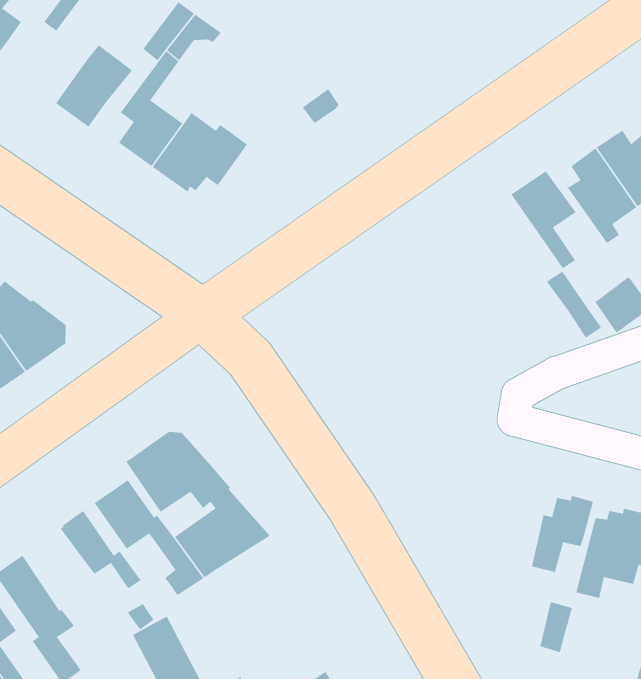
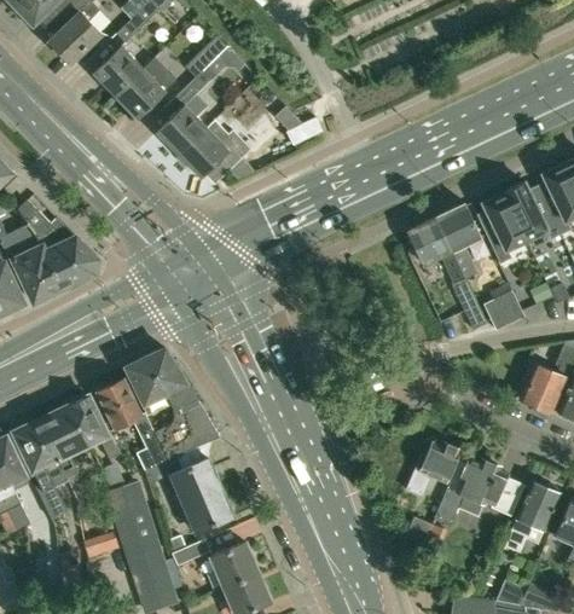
building: none -> [93,46,143,95]
building: none -> [406,216,464,283]
building: none -> [37,406,87,477]
building: none -> [143,454,233,533]

